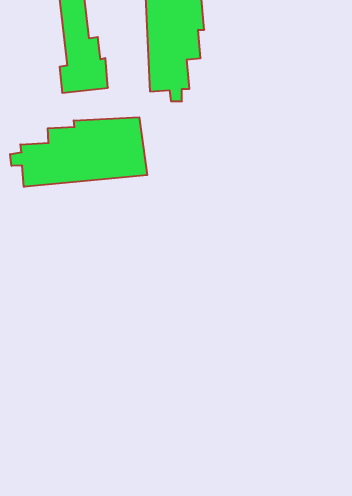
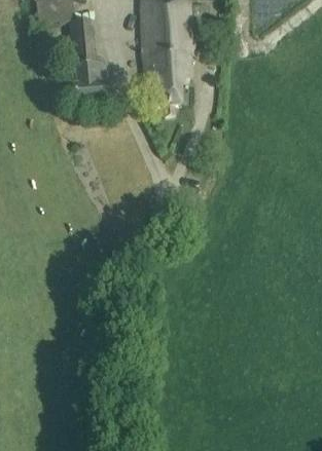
building: [10,117,147,187] -> none

